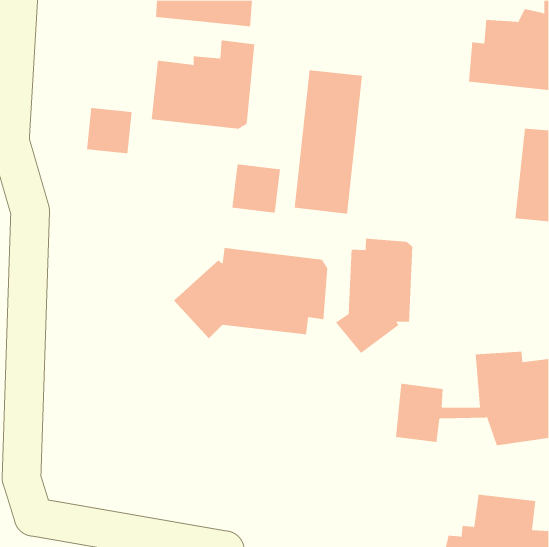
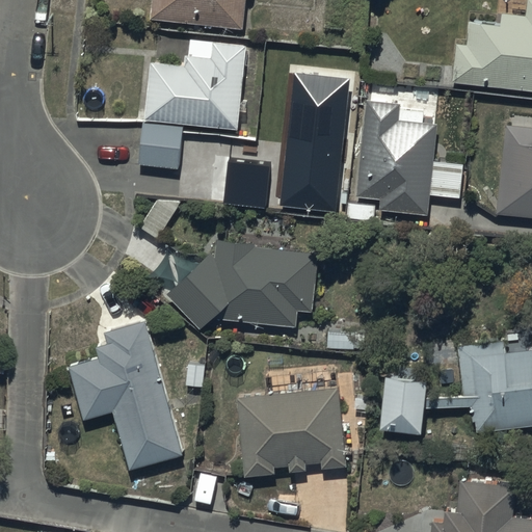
building: none -> [357,101,462,215]
building: [86,108,132,154] -> [138,123,183,167]
building: [335,238,413,354] -> none
building: none -> [68,320,183,469]
building: none -> [237,388,346,476]

